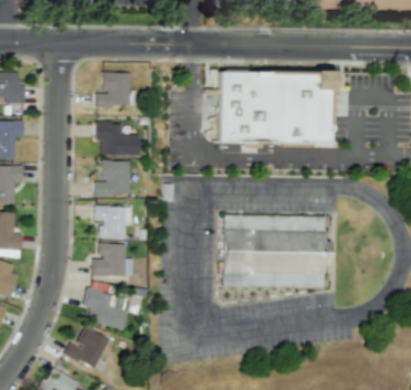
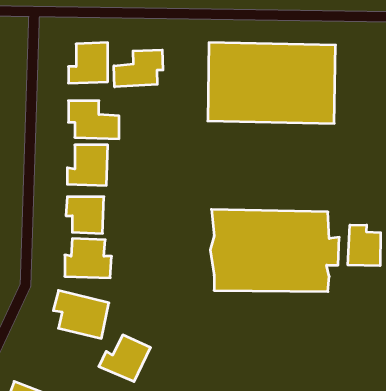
building: none -> [114,50,163,87]
building: none -> [348,225,381,266]
building: [65,327,110,368] -> [99,335,151,382]

